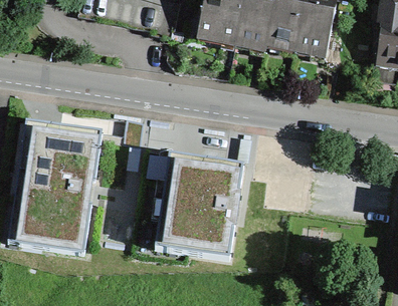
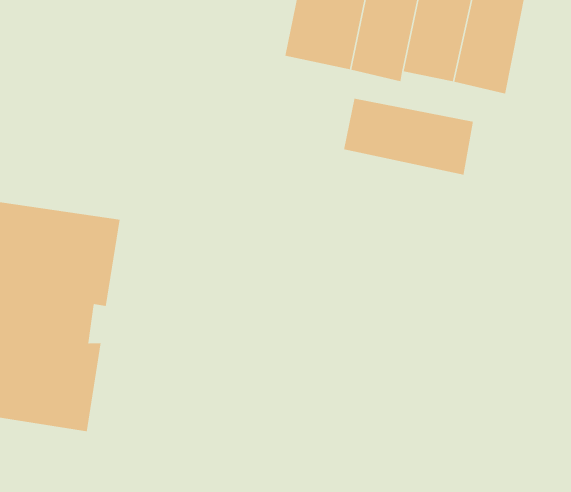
building: none -> [343,98,473,175]
building: [154,156,243,262] -> none

